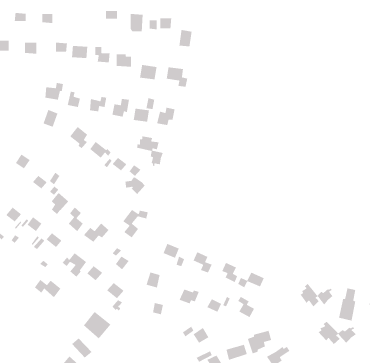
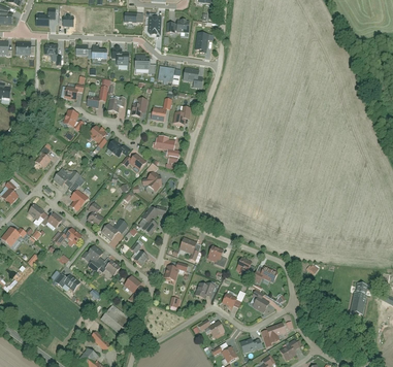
building: [299,283,334,308] -> none
building: [317,321,357,345] -> none

